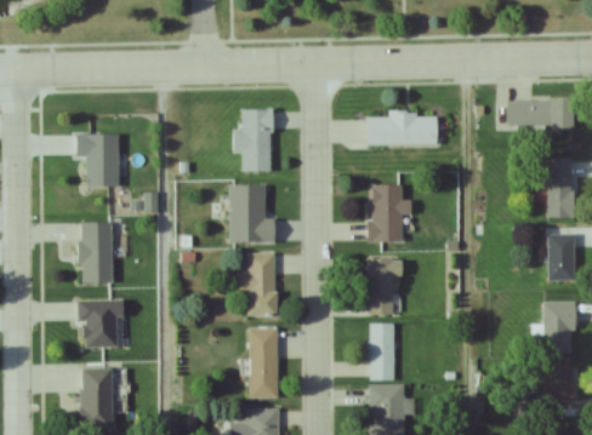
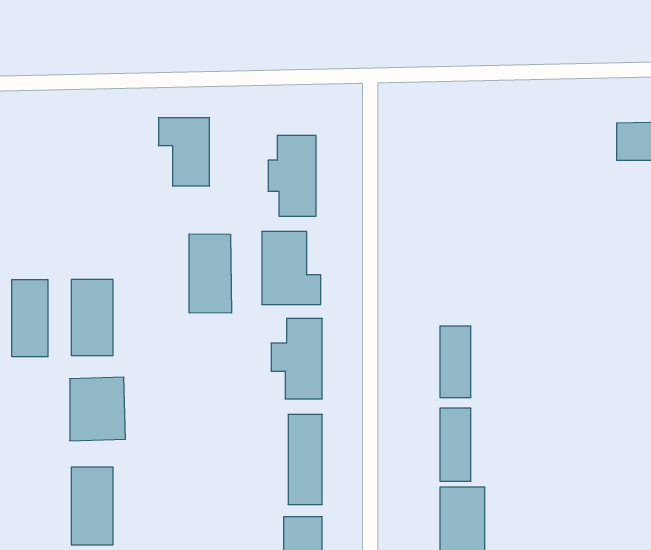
building: [366,113,438,145] -> none
building: [76,133,116,187] -> [158,118,210,186]
building: [370,184,411,241] -> none
building: none -> [189,234,232,313]
building: none -> [12,279,48,357]

